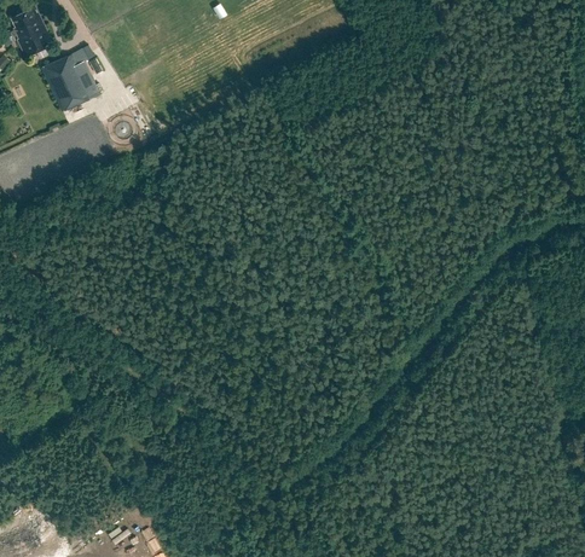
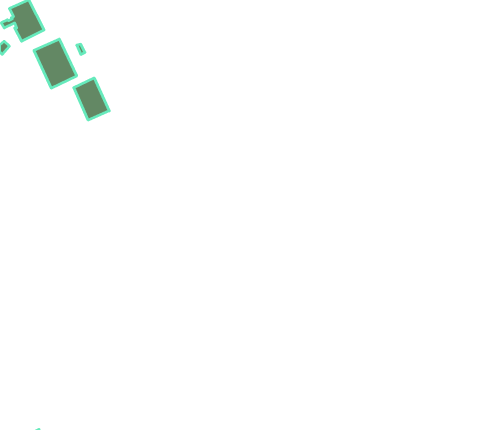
building: none -> [74,78,109,120]

